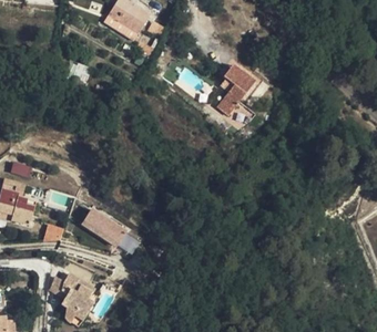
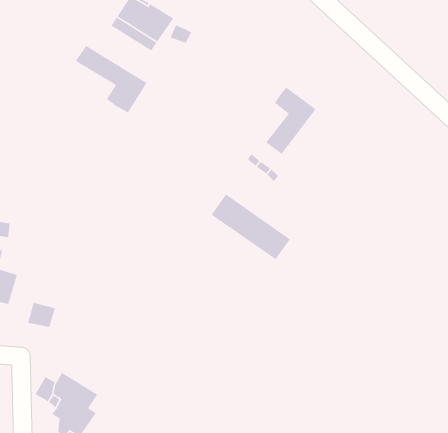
building: none -> [75,45,148,114]
building: [81,206,140,255] -> [211,194,291,260]

